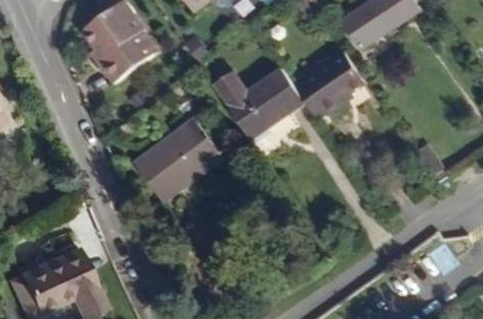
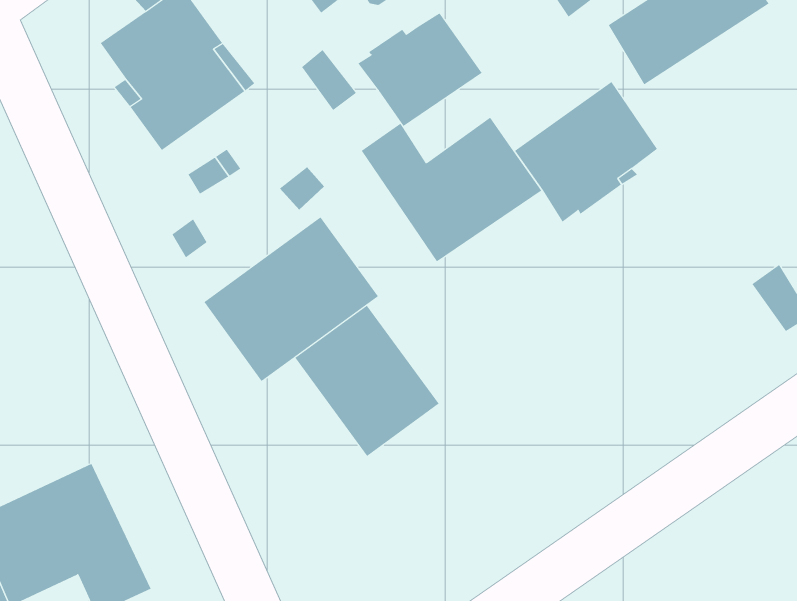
building: none -> [358,13,483,127]
building: none -> [295,305,439,457]

